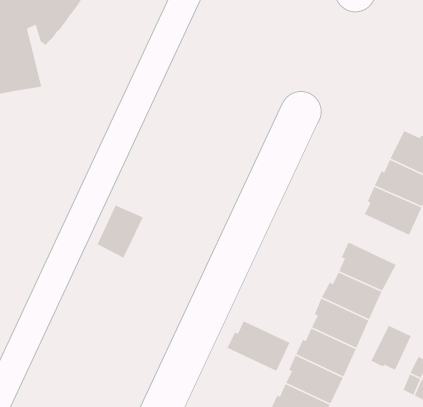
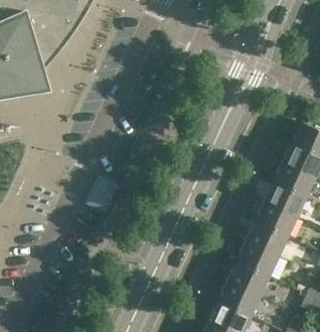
building: none -> [263,184,306,219]
building: [226,320,290,372] -> none
building: [370,325,412,371] -> none

